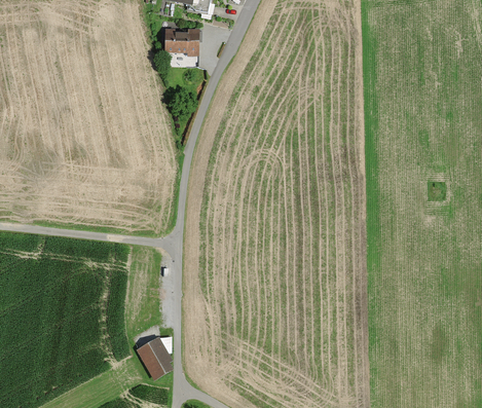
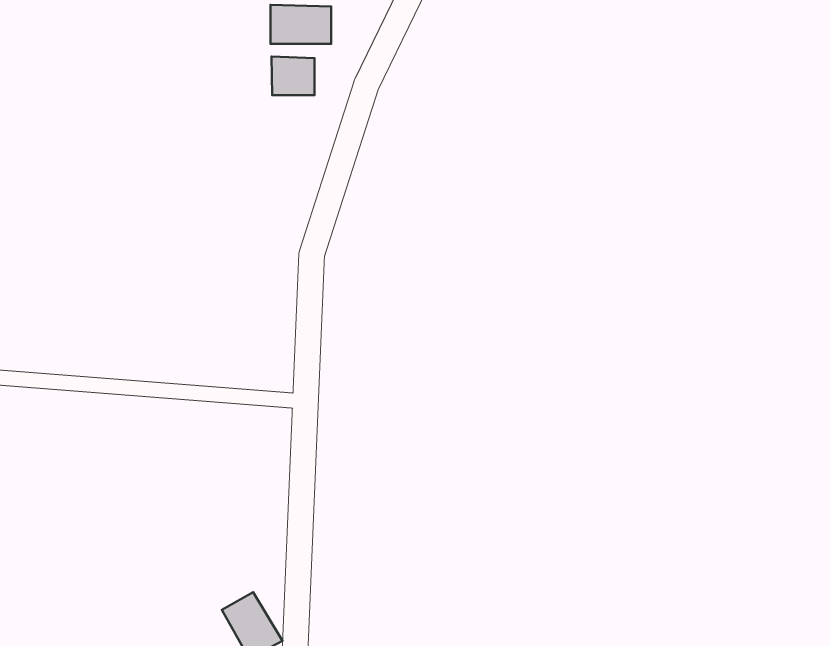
building: none -> [271,56,315,95]

